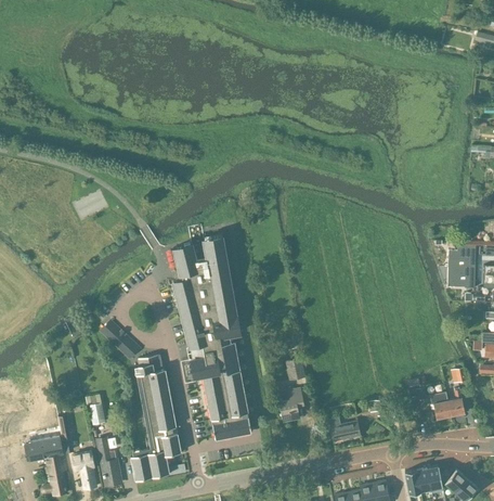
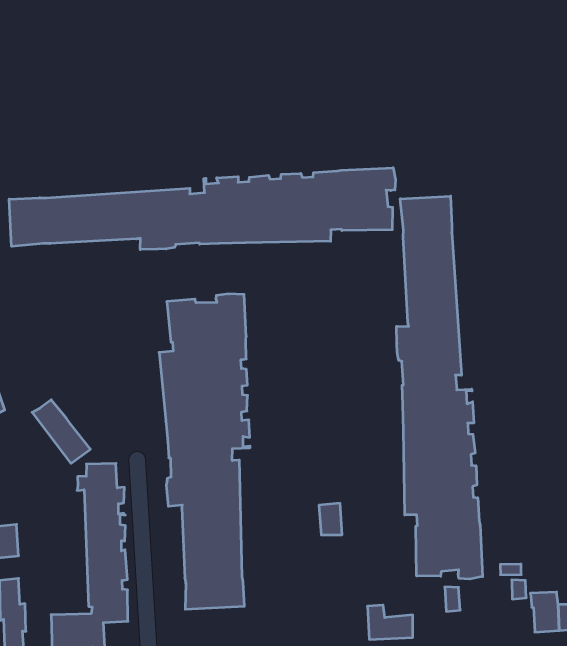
building: none -> [9,168,396,250]
building: none -> [397,196,483,579]
building: [280,389,304,423] -> none

